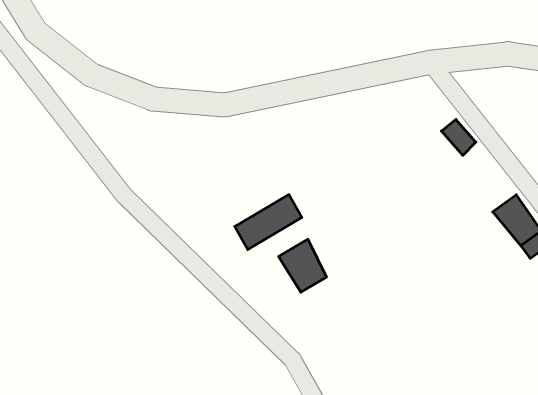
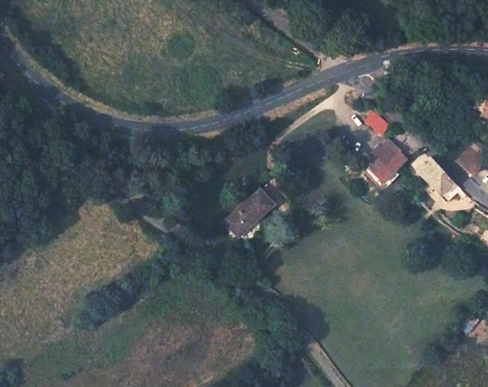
building: none -> [369,145,405,186]
building: [279,239,326,292] -> none

